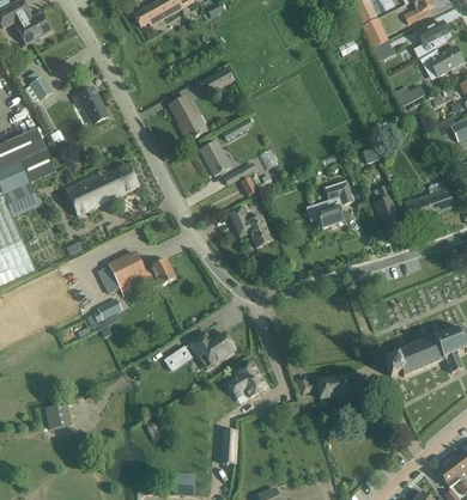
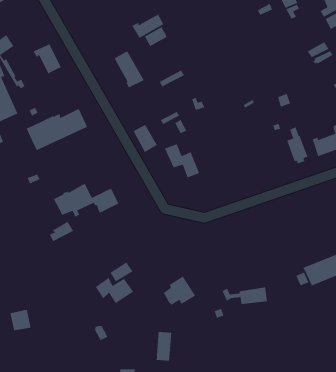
building: none -> [131,13,165,39]
building: [200,141,230,176] -> [132,124,158,153]
building: [316,179,353,228] -> none
building: [189,331,236,365] -> [95,277,134,305]

